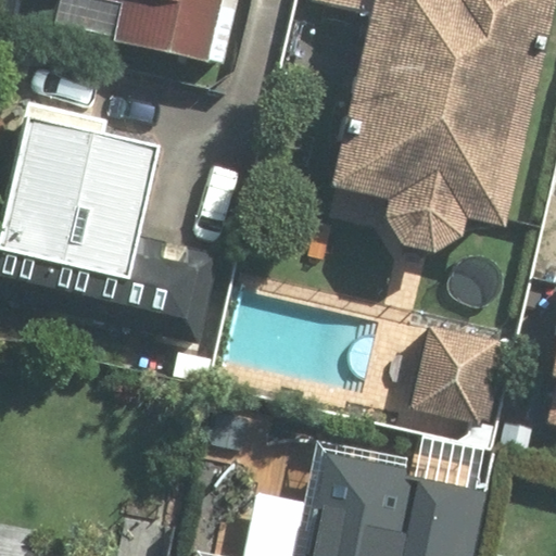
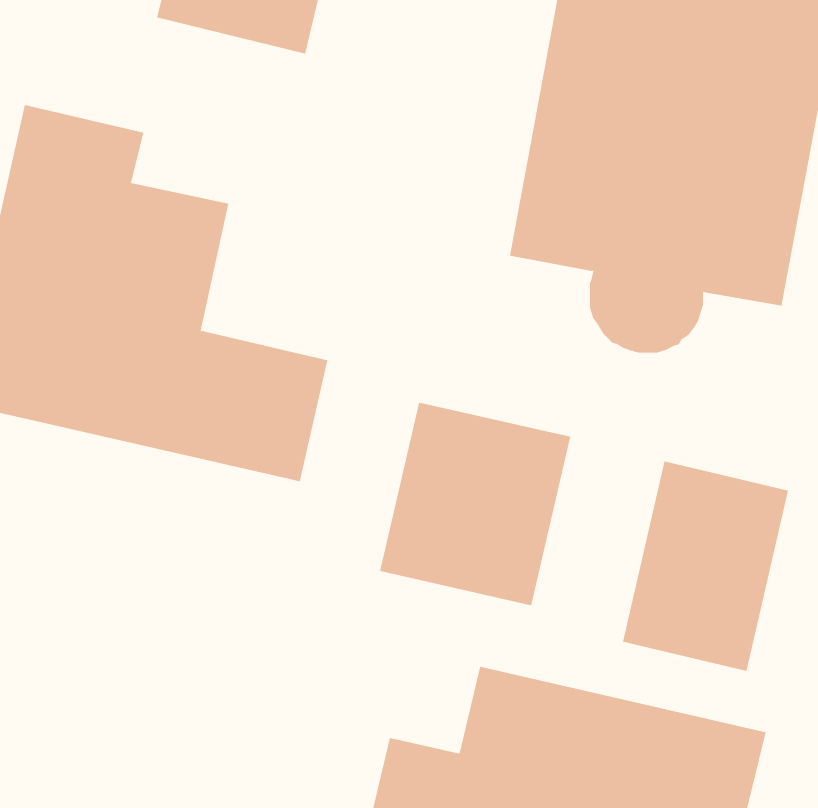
building: none -> [380,402,571,606]

